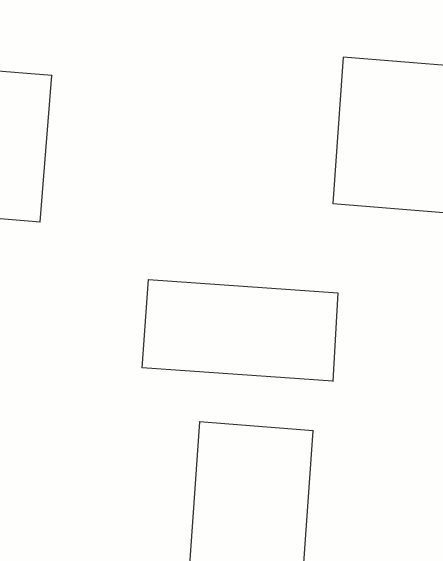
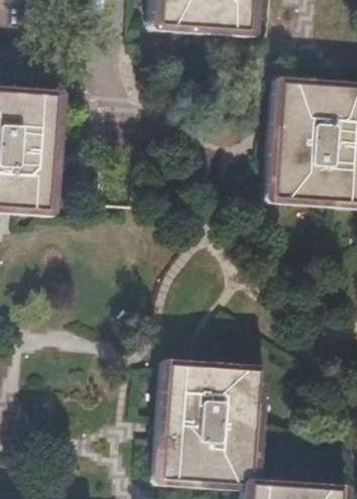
building: [142,280,338,381] -> none

